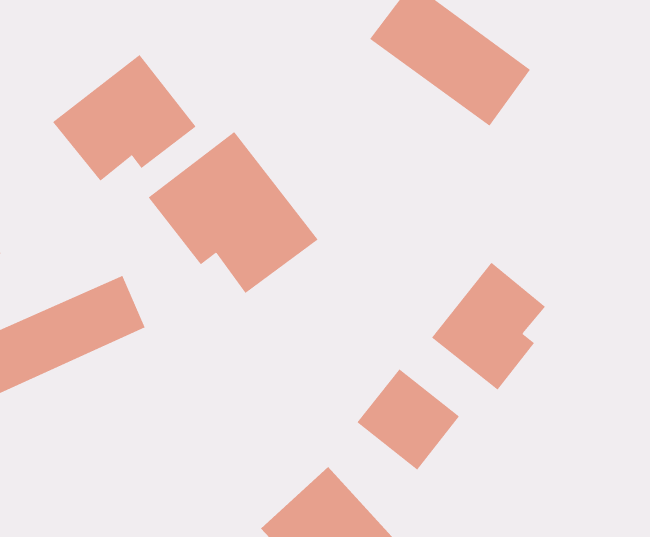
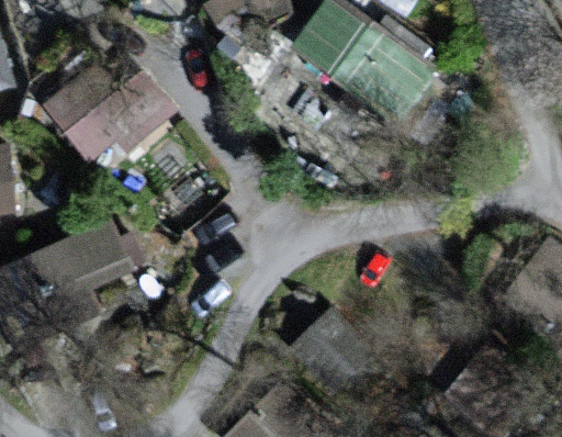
building: [148,131,319,294] -> none
building: [431,262,546,391] -> none

